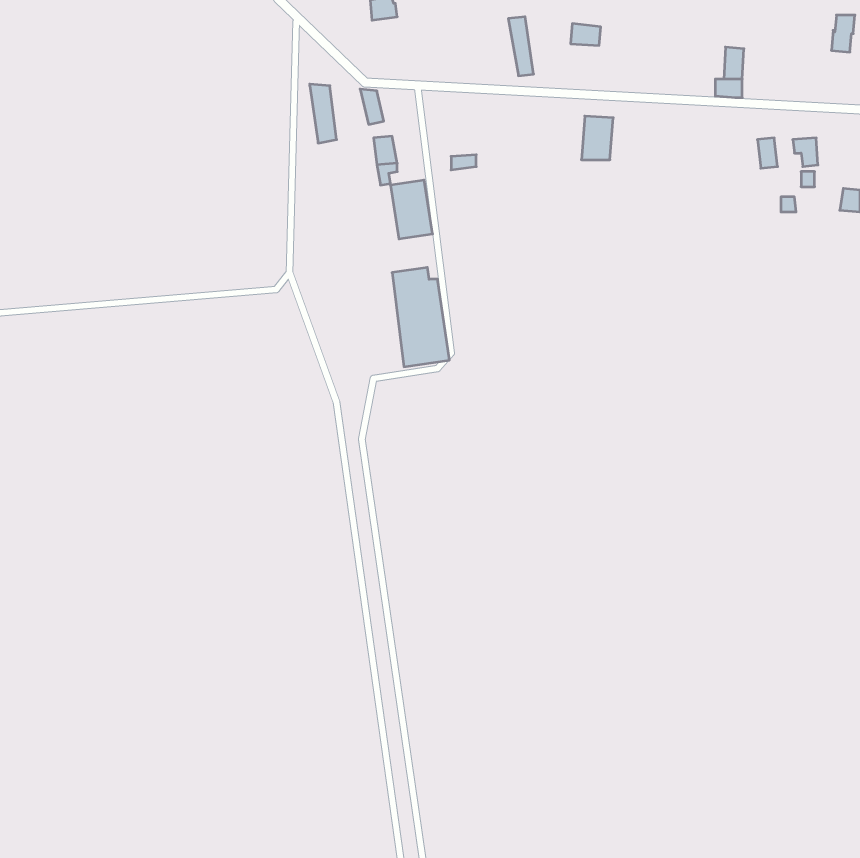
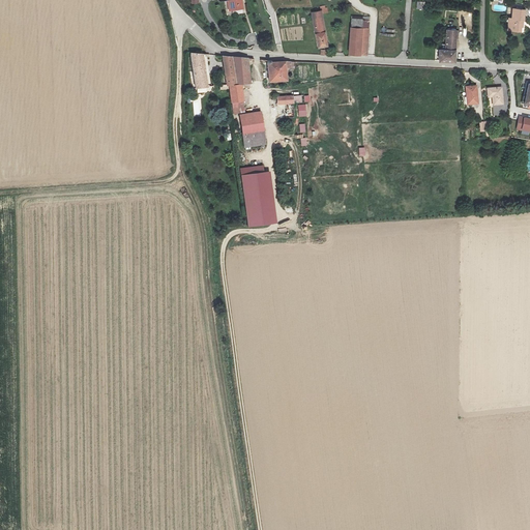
building: none -> [227,56,251,88]
building: none -> [267,59,291,82]
building: [581,116,613,160] -> [349,27,369,54]

